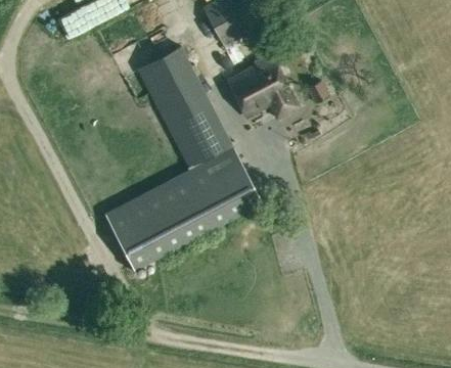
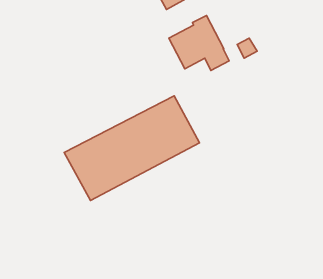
building: [135,45,232,166] -> none

